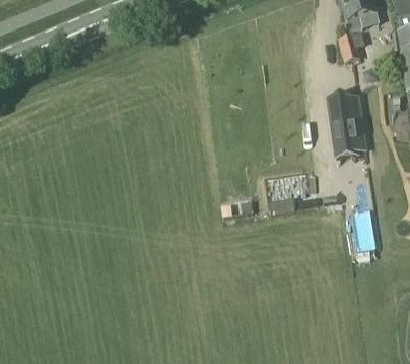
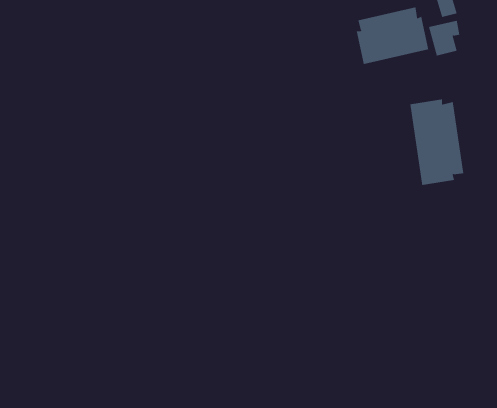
building: none -> [356,7,429,65]

